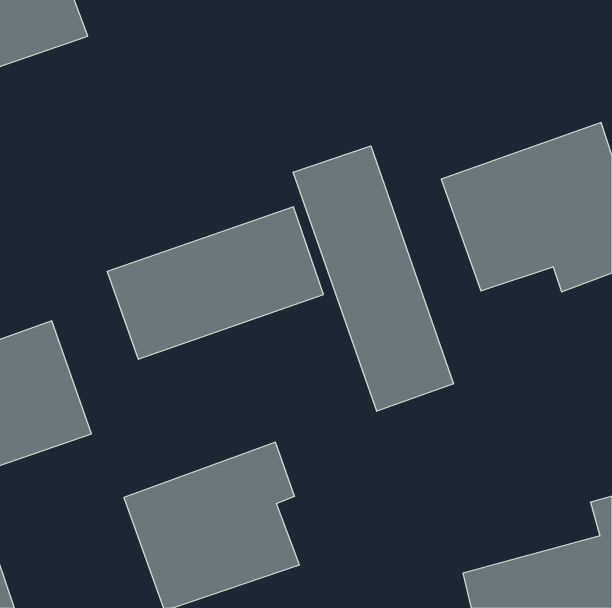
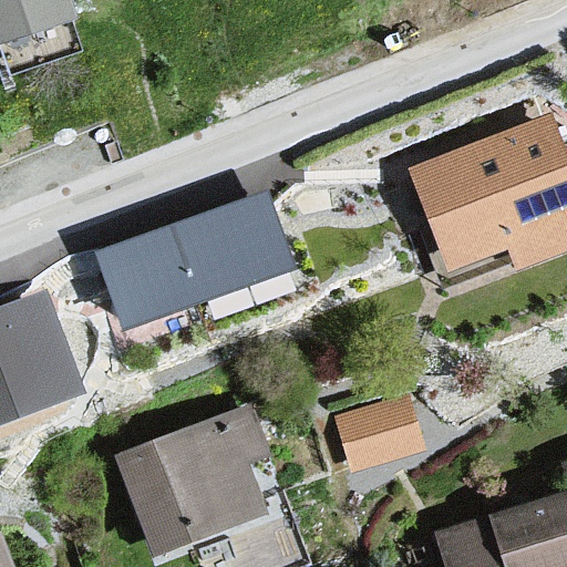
building: [293,146,453,411] -> none
building: none -> [331,377,425,456]

